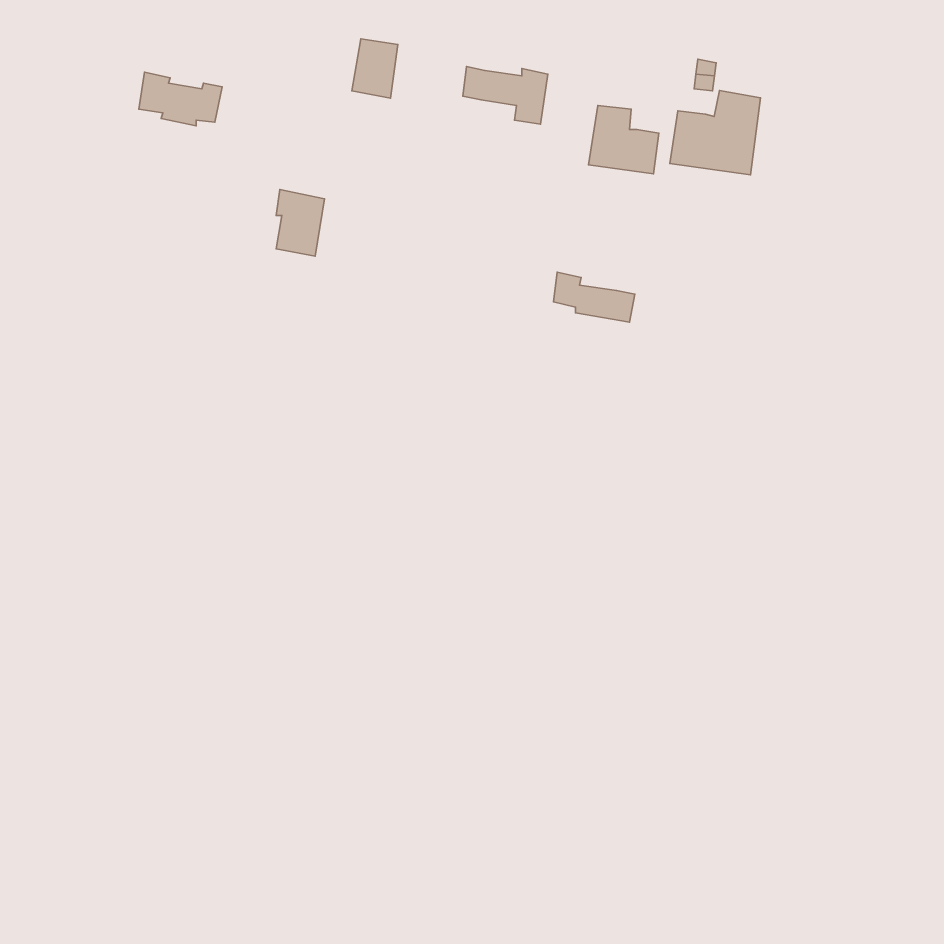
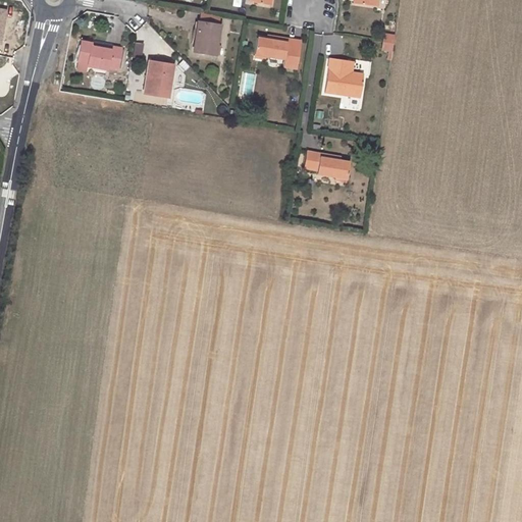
building: [670,91,760,175] -> none
building: [276,189,324,256] -> [148,60,174,97]

